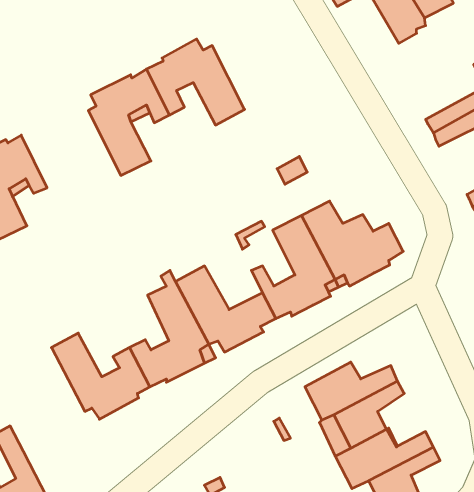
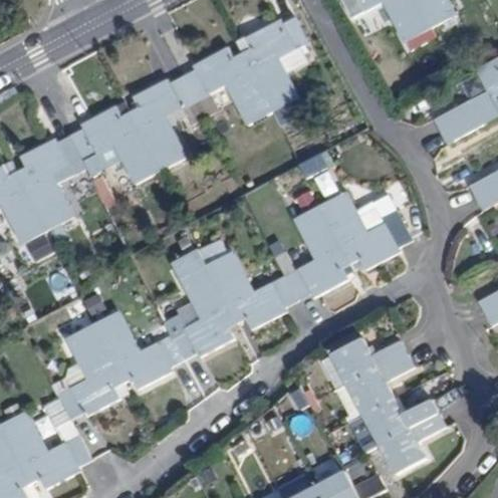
building: none -> [239,18,304,110]
building: none -> [67,101,157,190]
building: none -> [53,324,125,418]

